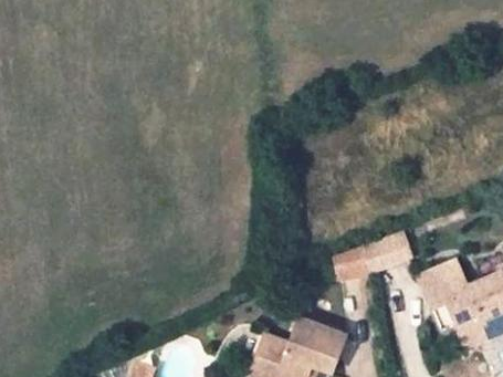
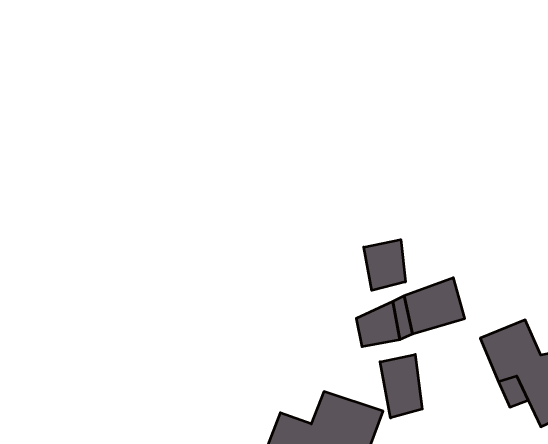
building: none -> [364,240,405,290]
building: none -> [380,354,422,418]

